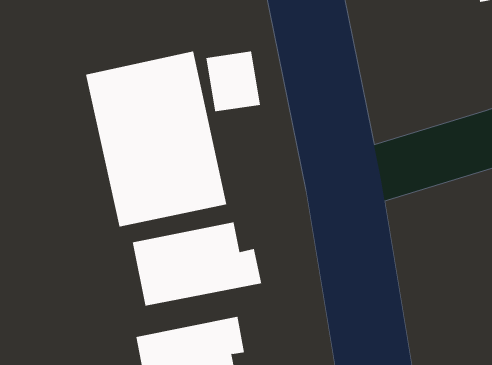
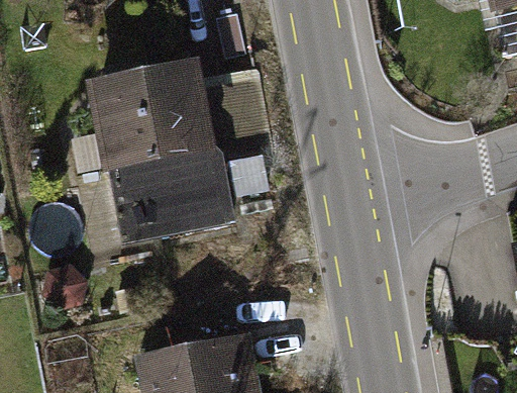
building: [132,222,262,307] -> none

